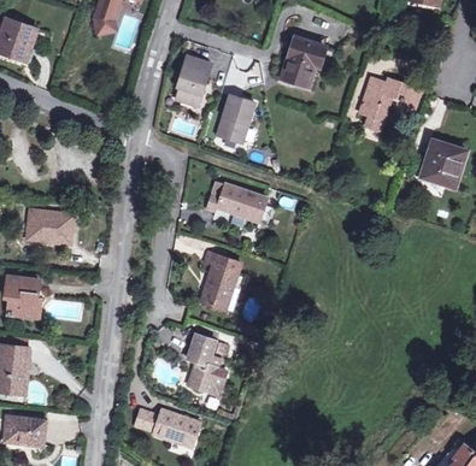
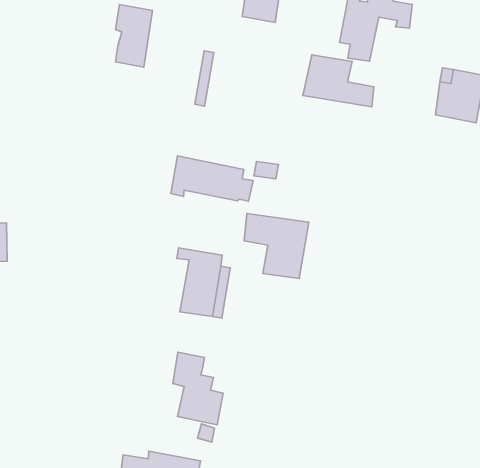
building: [221,94,248,141] -> none
building: none -> [303,55,374,107]
building: none -> [244,214,309,278]

